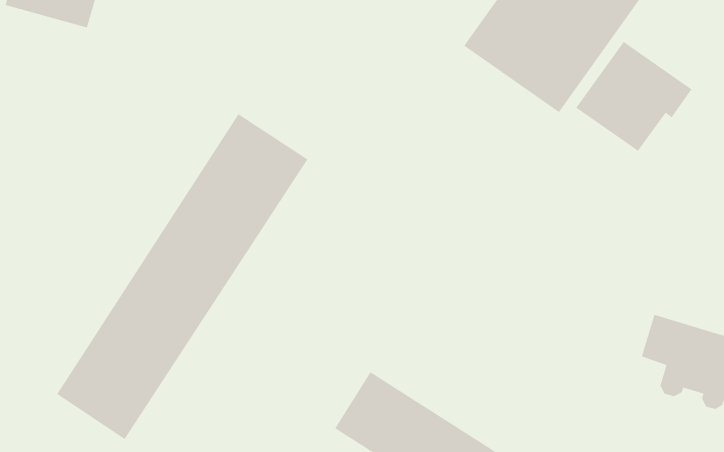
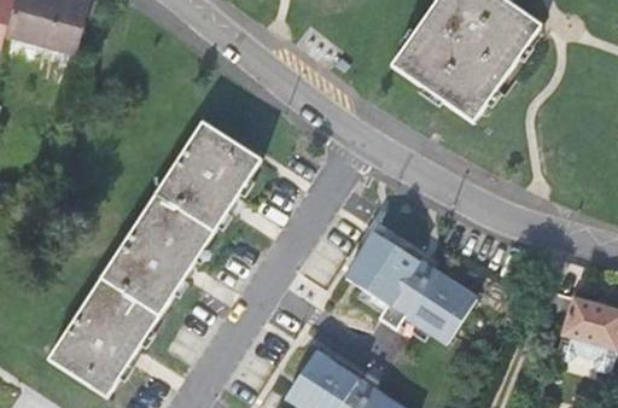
building: [575,41,693,152] -> none
building: none -> [343,231,479,345]

